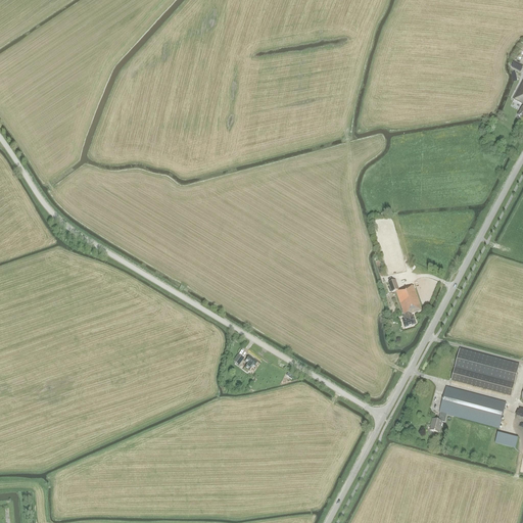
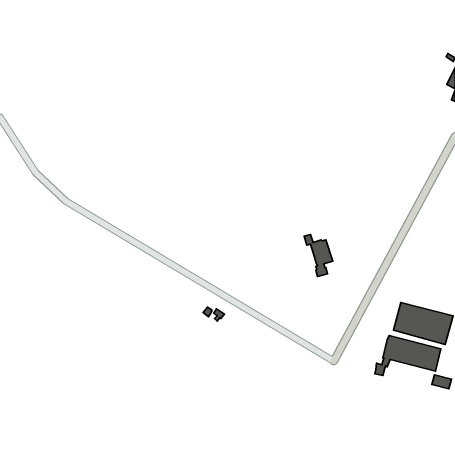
building: [389,278,422,326] -> [304,235,333,276]

